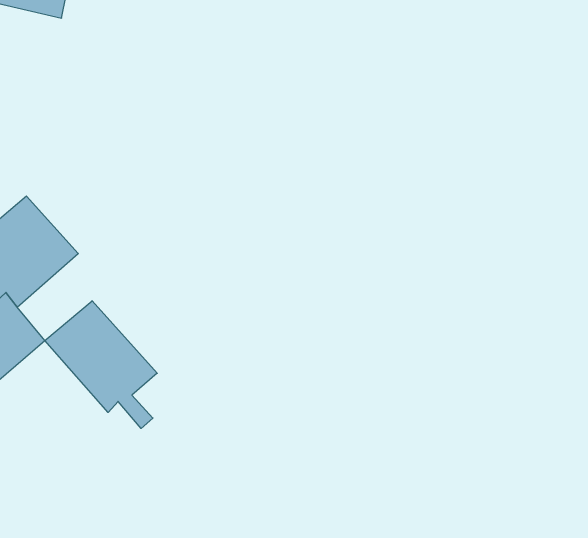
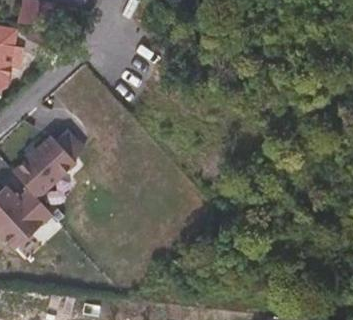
building: [45,301,157,428] -> none

